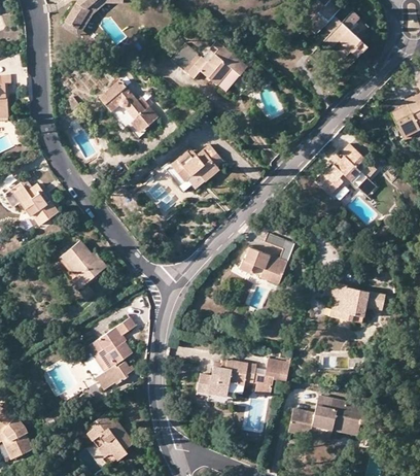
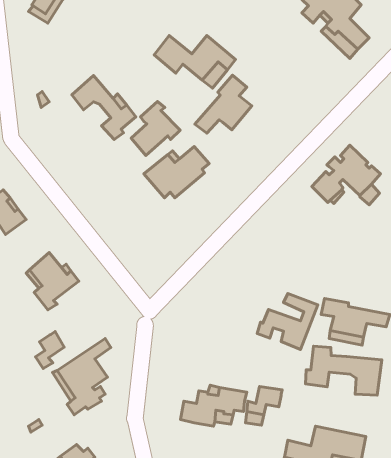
building: none -> [195,75,252,133]
building: none -> [131,102,180,155]
building: [240,235,294,285] -> [257,294,318,349]
building: none -> [35,331,64,368]
building: none -> [305,346,382,395]

